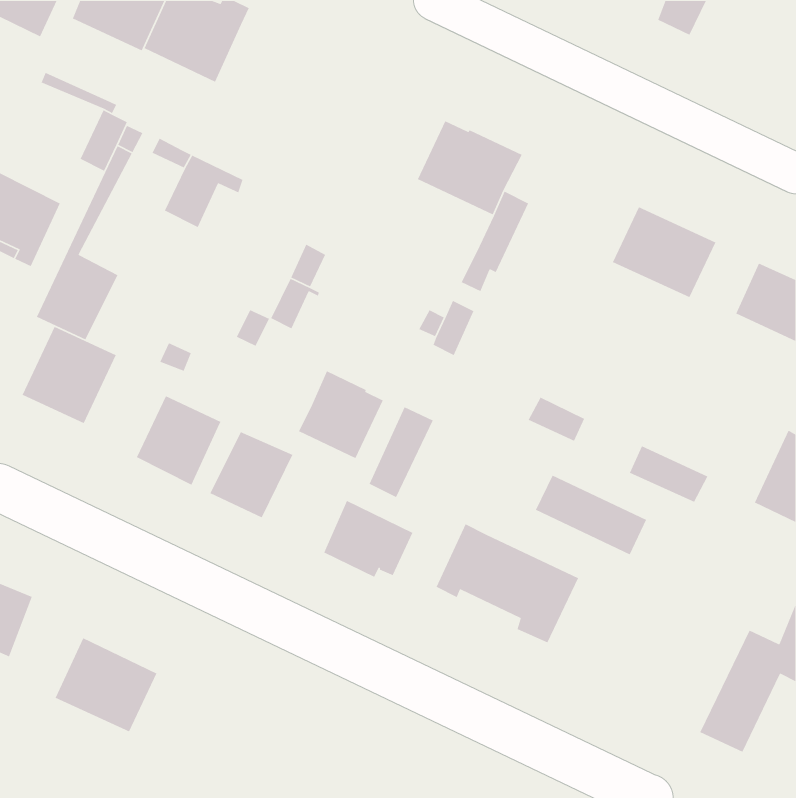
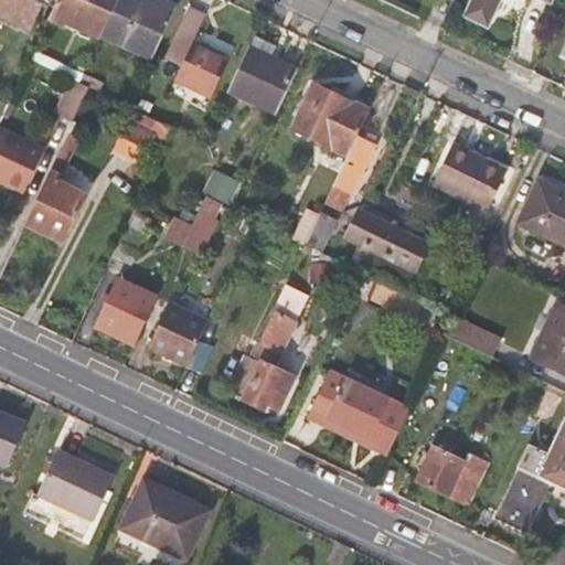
building: none -> [166,7,228,96]
building: none -> [228,38,296,111]
building: [21,326,117,424] -> none
building: [298,370,384,459] -> none
building: [535,474,647,556] -> [347,211,426,268]
building: none -> [417,446,487,503]
building: none -> [121,480,207,555]

